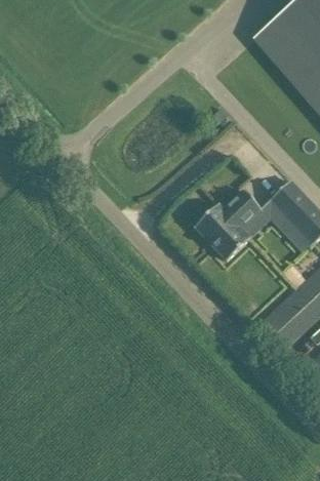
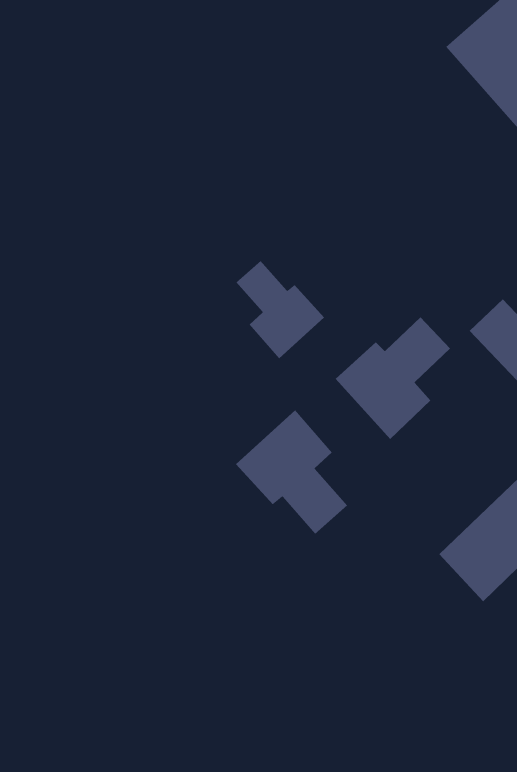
building: none -> [236,260,325,359]
building: none -> [235,409,348,534]

